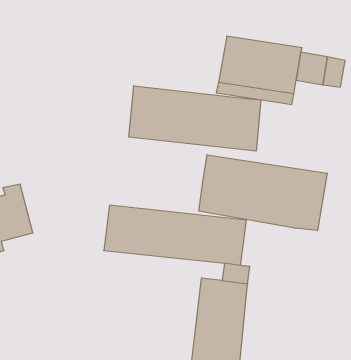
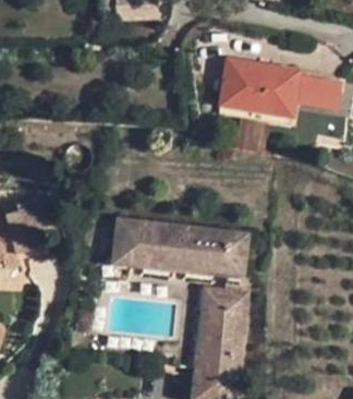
building: [129,86,261,151] -> none
building: [199,155,327,231] -> none

